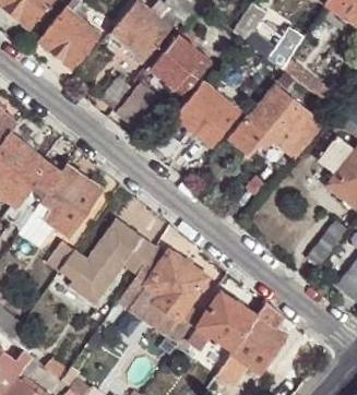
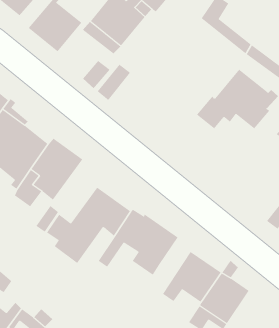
building: [150,33,211,94] -> none
building: [174,81,239,146] -> none
building: [128,282,198,343] -> none

